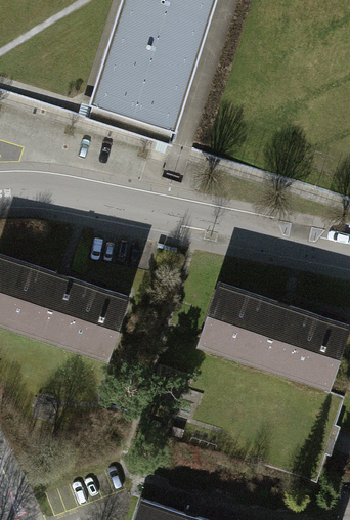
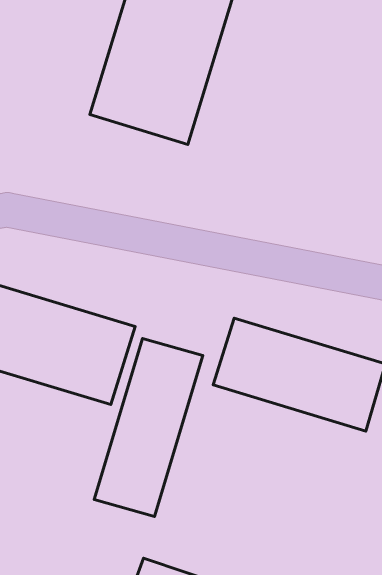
building: none -> [94,338,203,516]

